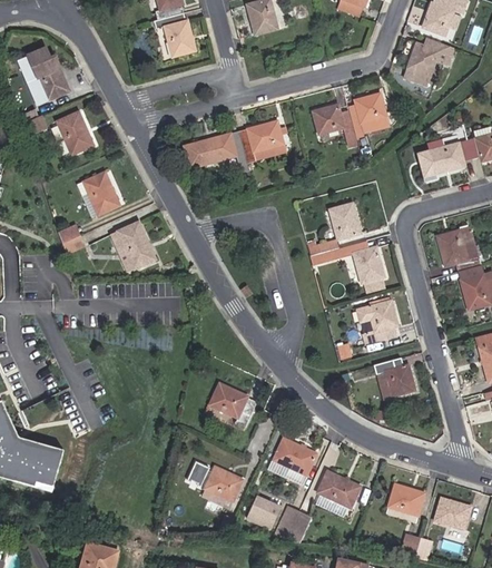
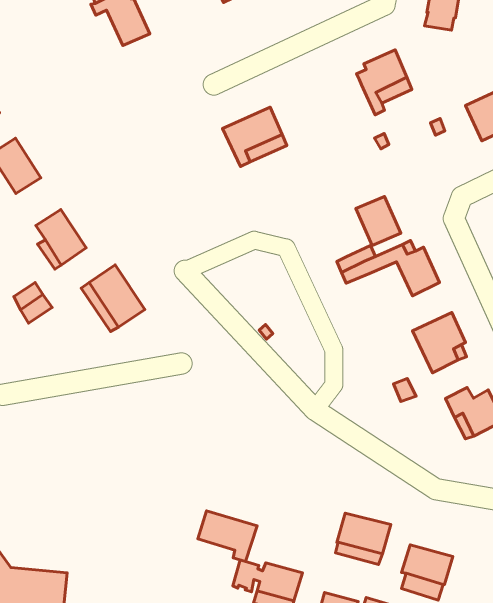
building: [312,104,357,147] -> none
building: [185,130,249,172] -> none
building: [210,383,257,427] -> [198,511,257,562]

